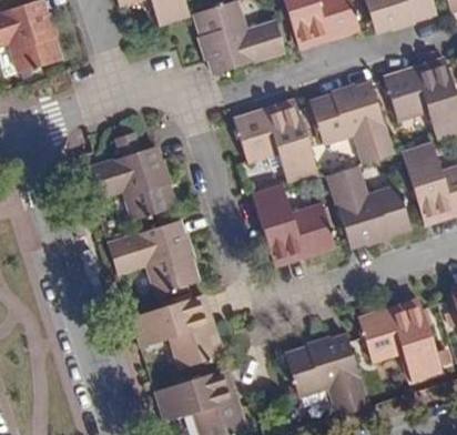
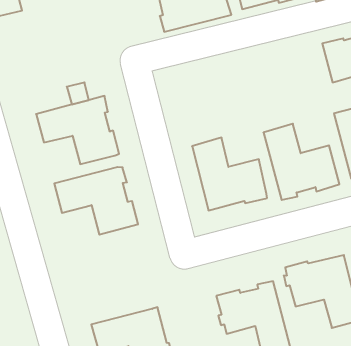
building: [311,83,394,163] -> none
building: [234,104,317,183] -> none
building: [131,296,222,368] -> none

